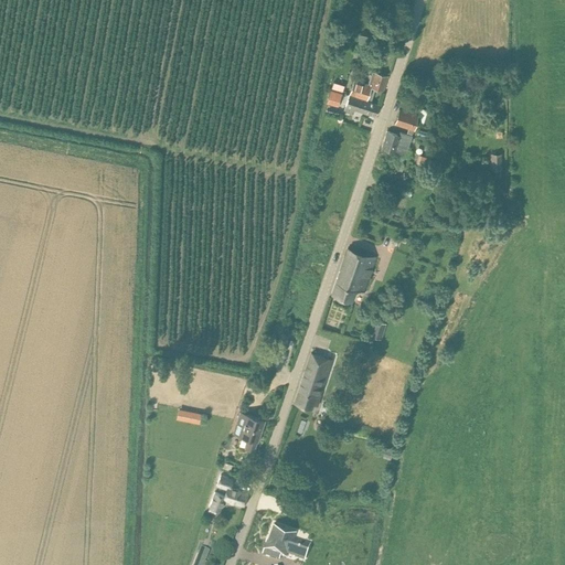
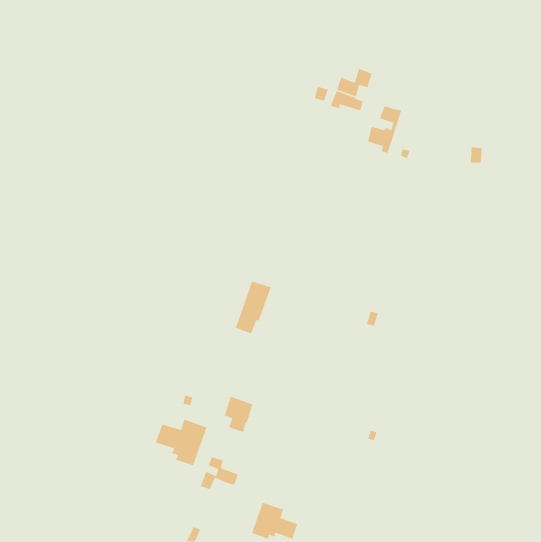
building: [332,247,376,300] -> none
building: [295,353,333,409] -> [235,280,272,335]
building: none -> [155,419,208,466]

